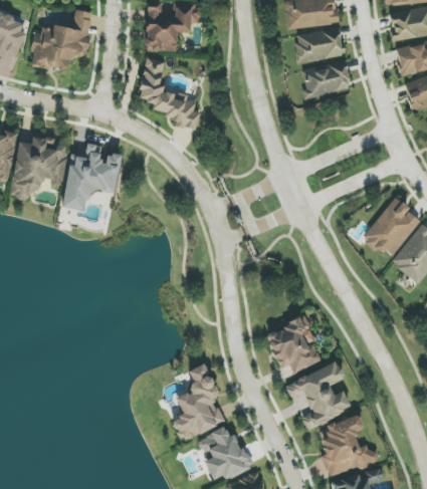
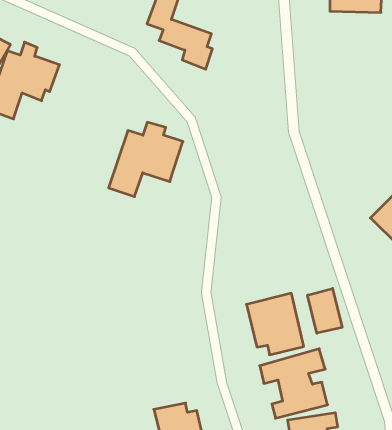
building: [302,60,352,99] -> none
building: [61,144,121,211] -> [109,122,183,197]
building: none -> [308,288,342,333]
building: [172,363,224,441] -> none

